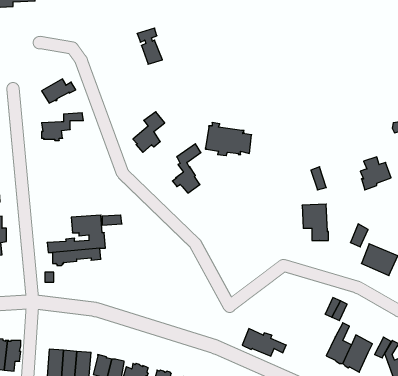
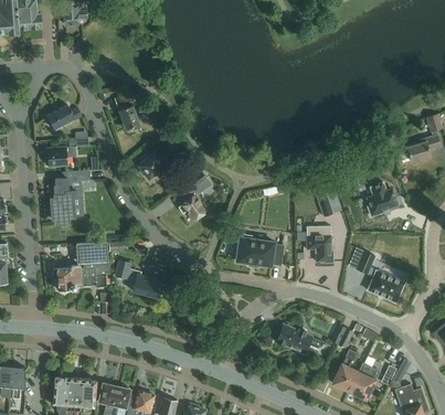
building: [137,28,162,64] -> [114,93,139,129]
building: [205,123,252,156] -> [236,234,283,267]
building: none -> [51,170,89,223]
building: none -> [115,260,160,297]
building: [242,329,286,356] -> [276,324,320,352]

